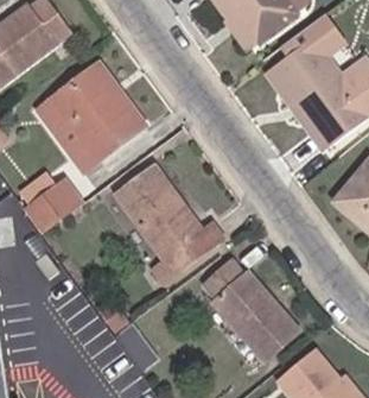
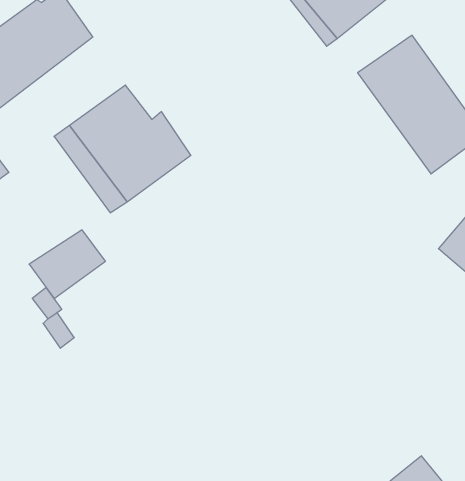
building: [122,168,229,265] -> none
building: [216,266,308,364] -> none

